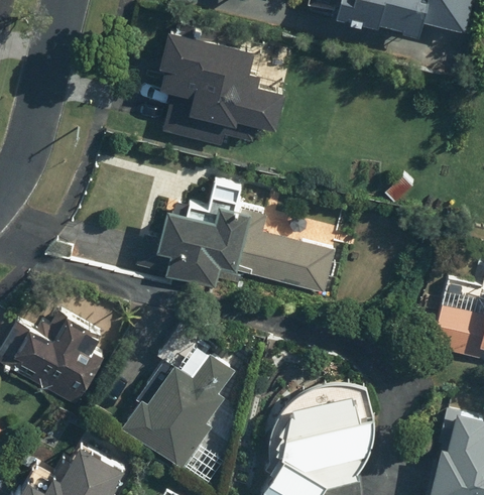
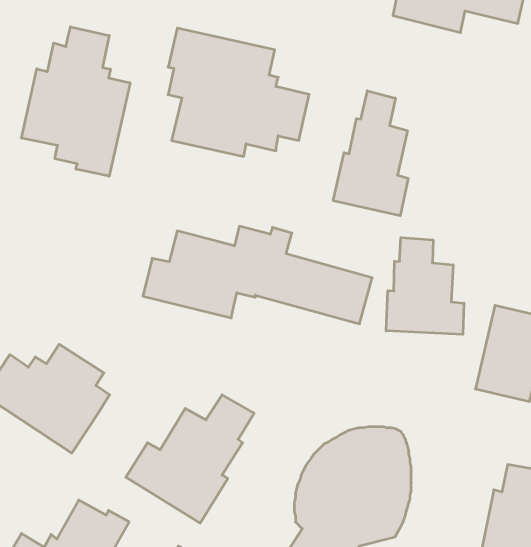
building: none -> [21,27,130,176]
building: none -> [333,91,408,216]
building: none -> [386,238,464,334]

